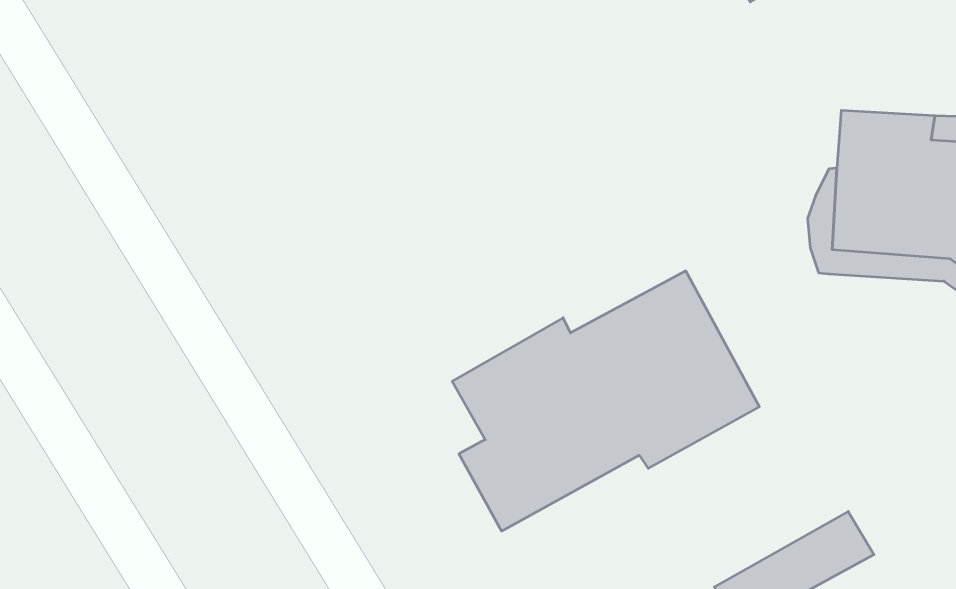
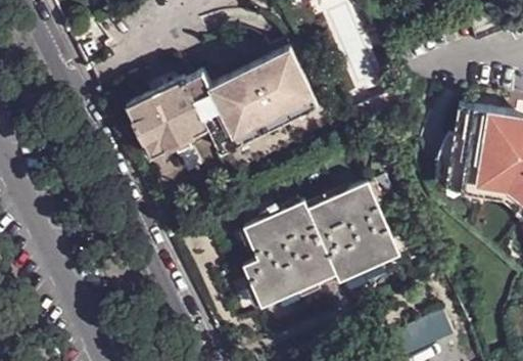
building: none -> [127,47,316,157]

